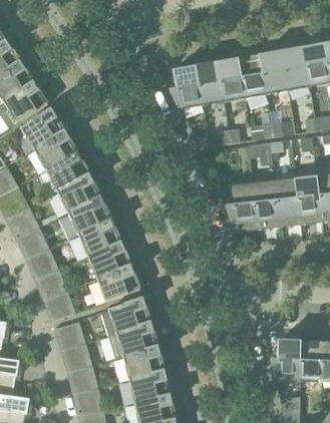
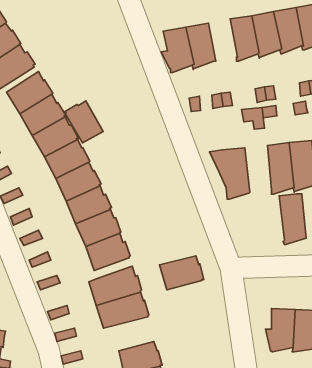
building: [217,56,245,101] -> none
building: none -> [64,101,103,143]
building: [252,179,278,229] -> [279,194,306,244]
building: [122,346,166,379] -> [160,256,204,290]

